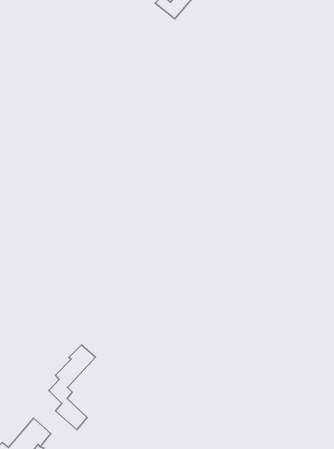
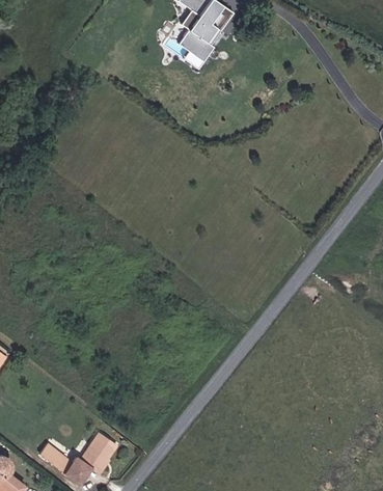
building: [49,345,96,430] -> none

